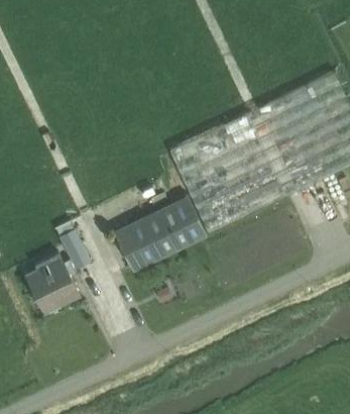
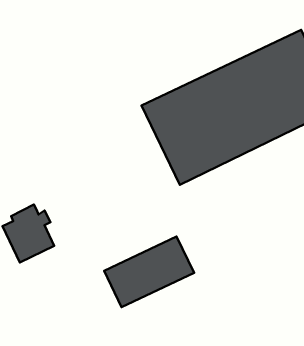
building: [114,197,207,270] -> [104,236,194,307]
building: [56,224,86,260] -> none

